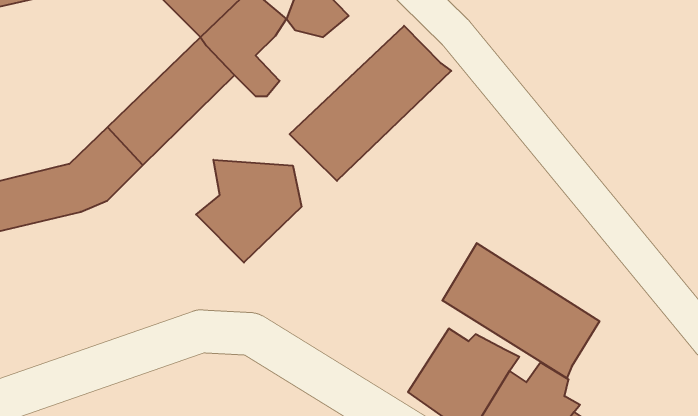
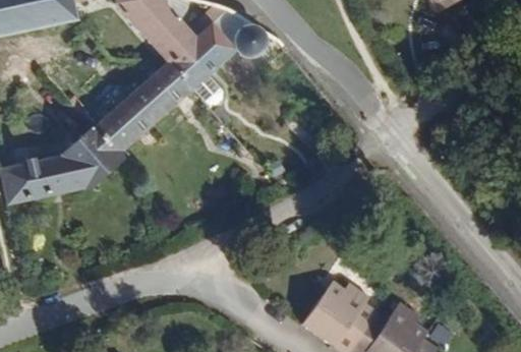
building: [290,26,451,181] -> none
building: [196,160,302,263] -> none
building: [442,243,599,378] -> none

